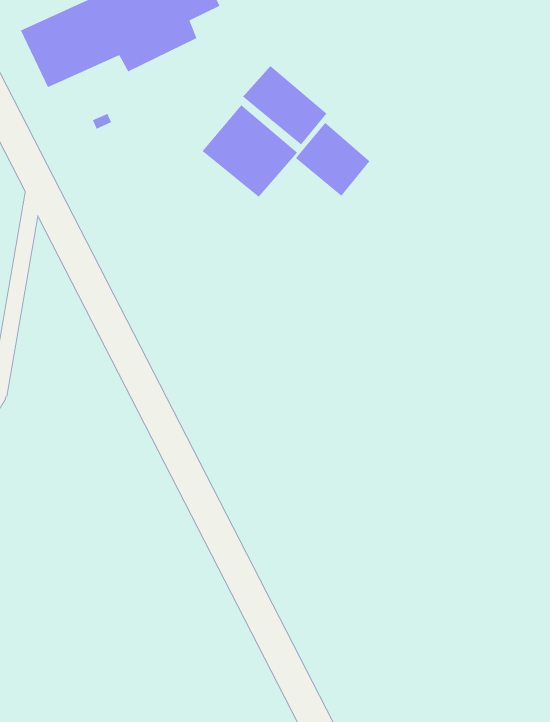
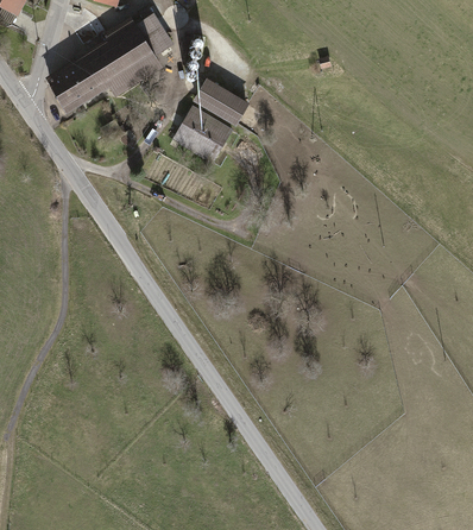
building: [295,122,370,197] -> none

